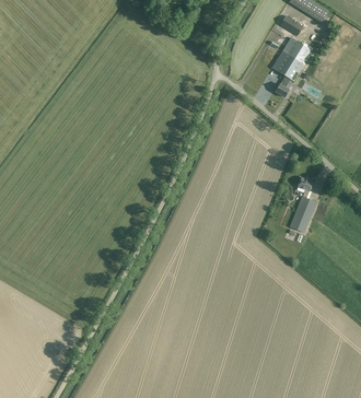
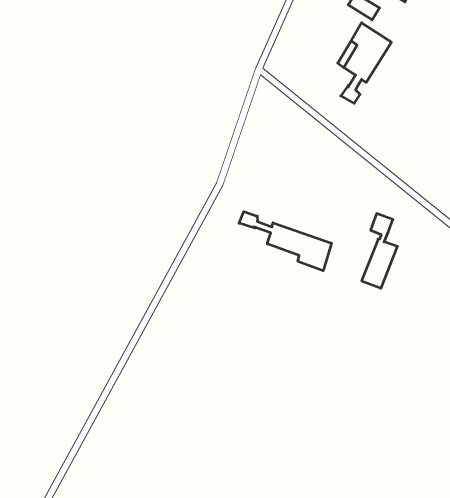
building: none -> [239,212,331,271]

